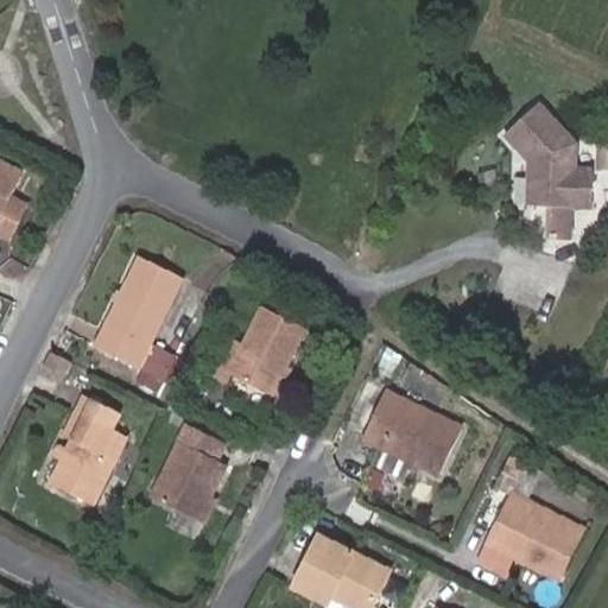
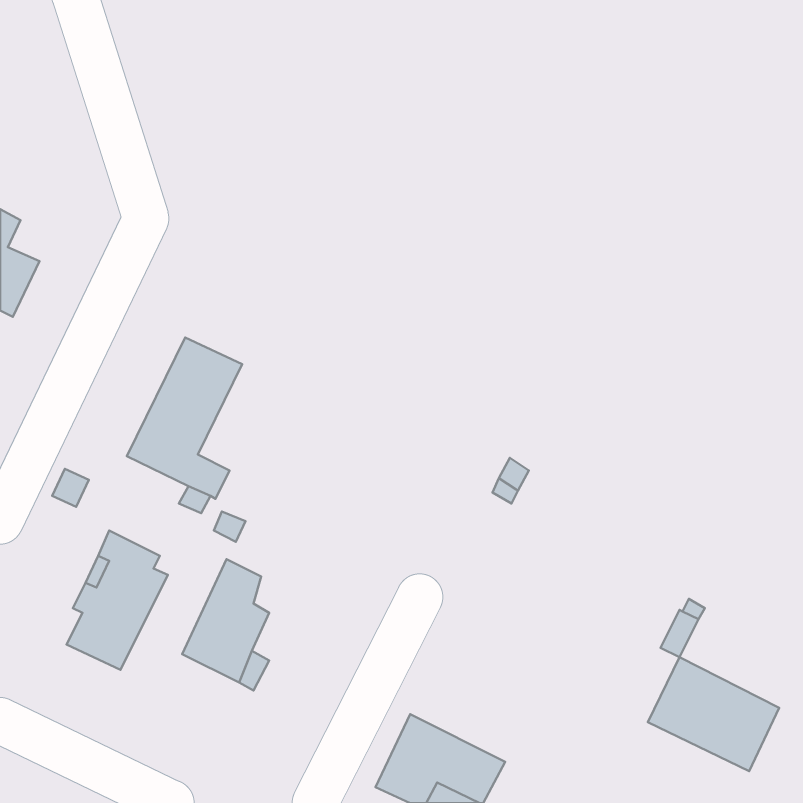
building: [506,116,594,222] -> none
building: [207,305,306,395] -> none
building: [349,391,451,473] -> none

